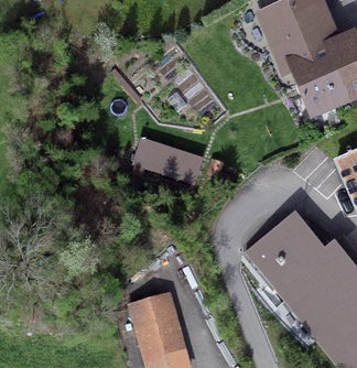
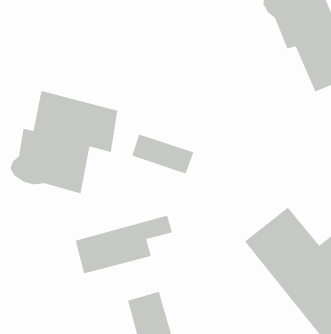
building: none -> [10,90,118,194]
building: none -> [75,215,173,274]

